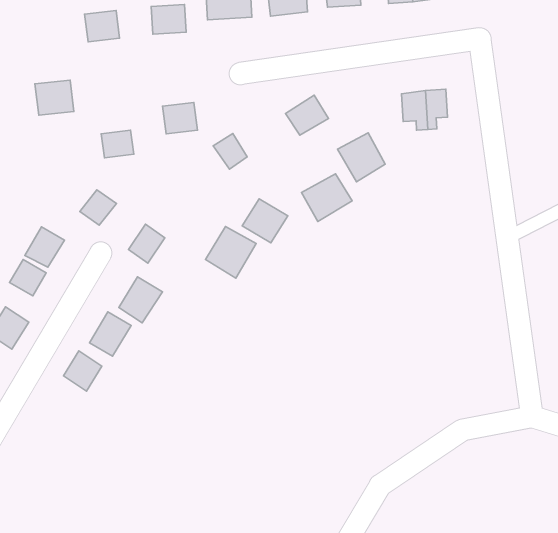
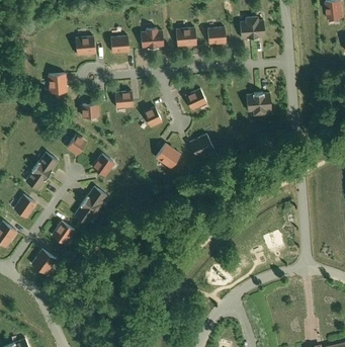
building: [338,133,385,182] -> none
building: [205,227,256,278] -> none
building: none -> [29,249,56,275]

